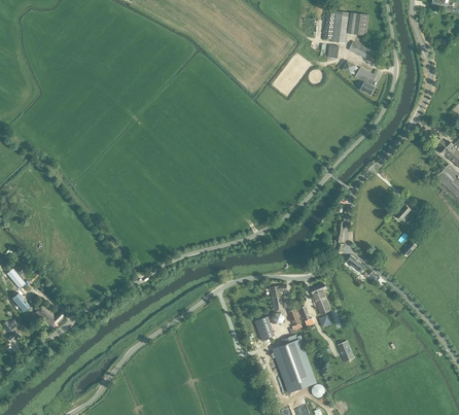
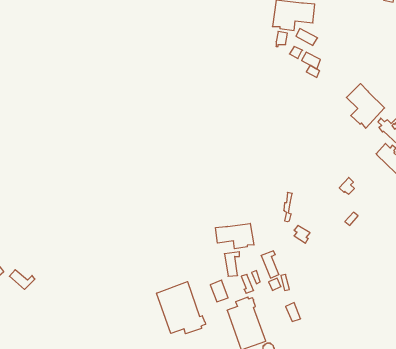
building: none -> [346,84,385,128]
building: none -> [216,223,254,249]
building: none -> [157,282,206,334]

